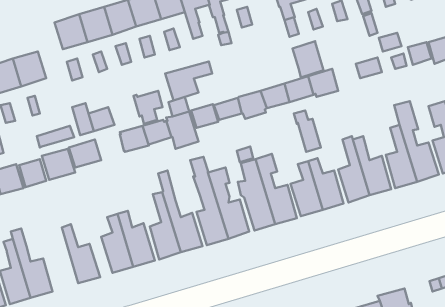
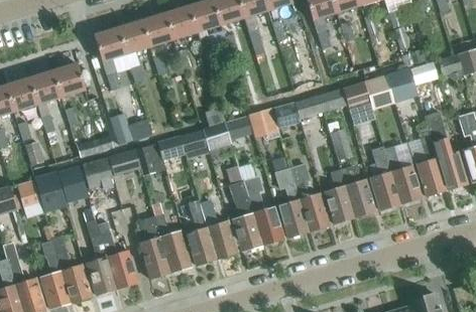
building: [292,41,324,78] -> [365,73,395,109]
building: [165,62,212,101] -> none
building: [133,91,162,124] -> [133,143,161,175]
building: none -> [87,218,117,294]

